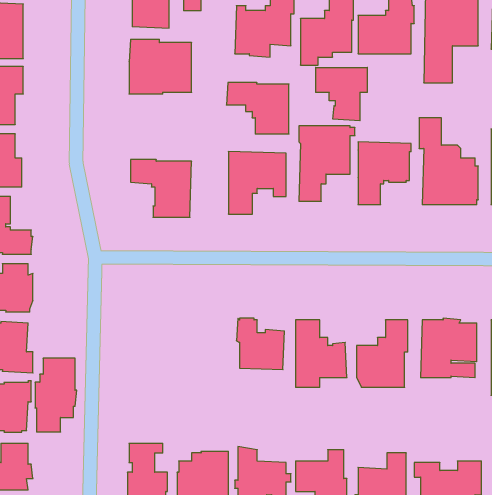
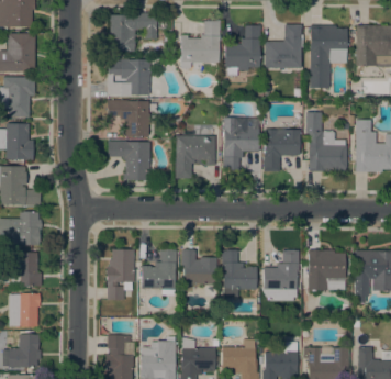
building: [316,67,367,121] -> none
building: [226,83,289,134] -> [107,100,149,135]
building: none -> [142,249,177,296]
building: [35,358,77,432] -> [107,249,135,300]

